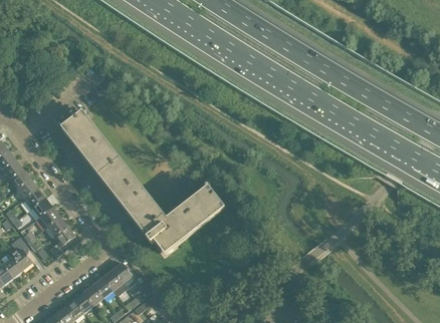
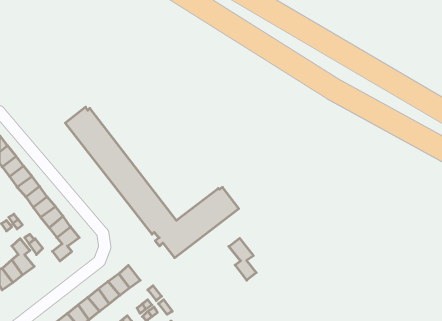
building: none -> [229,238,256,280]

